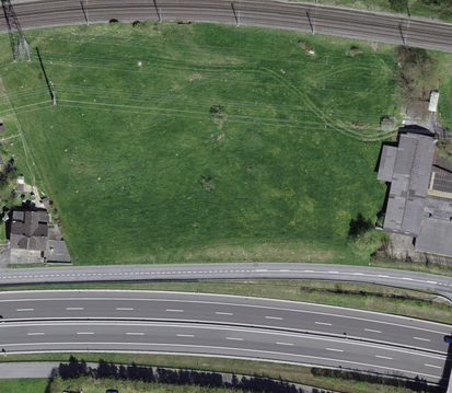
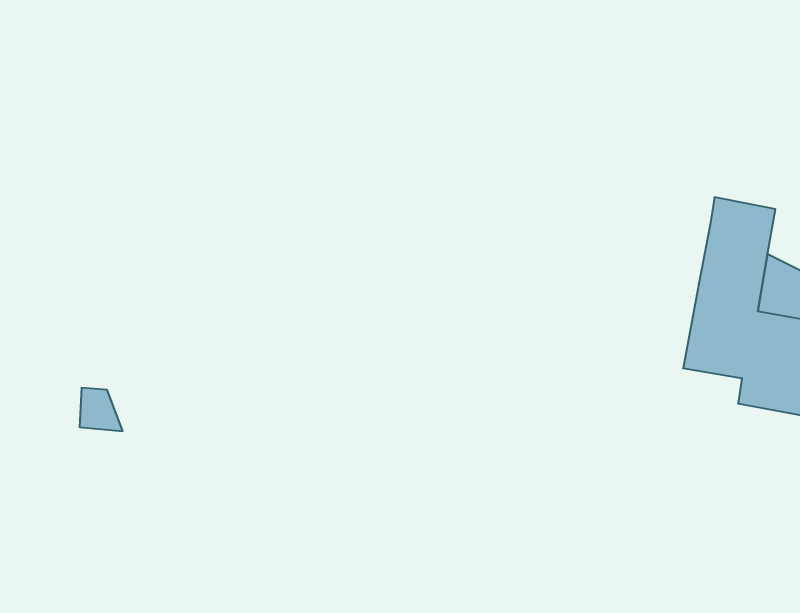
building: [378,143,399,181] -> none
building: [11,211,47,248] -> none

